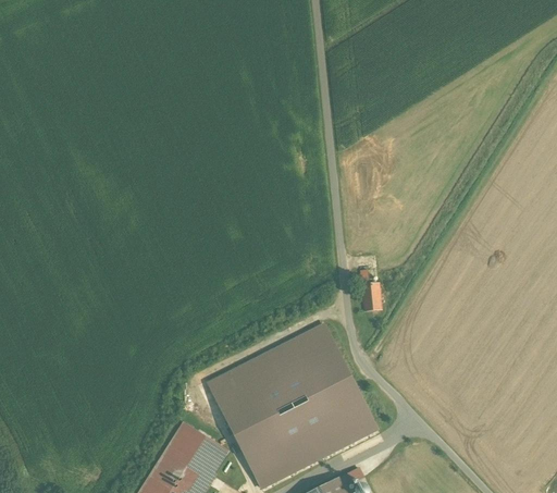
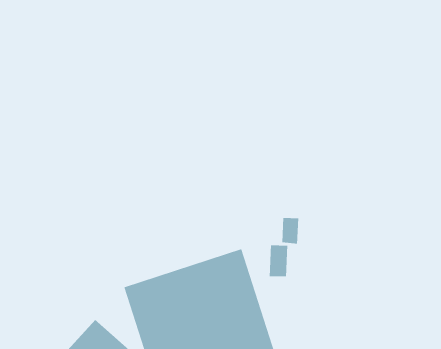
building: none -> [269,244,288,277]

